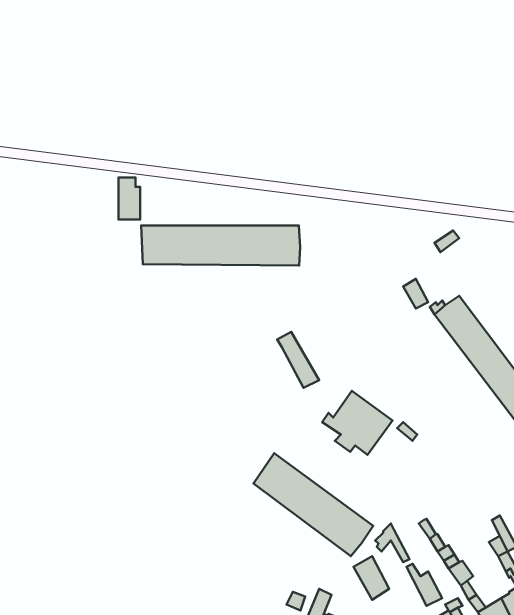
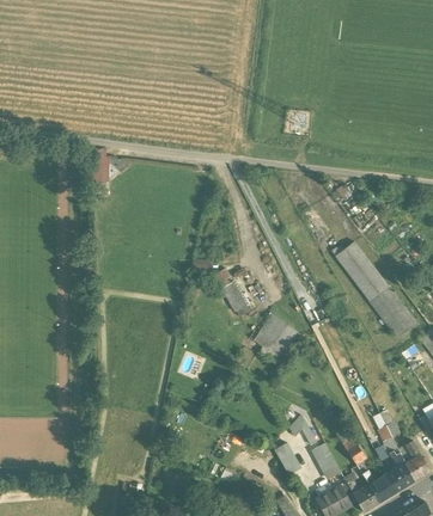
building: [141,226,300,265] -> none
building: [253,453,373,556] -> none

